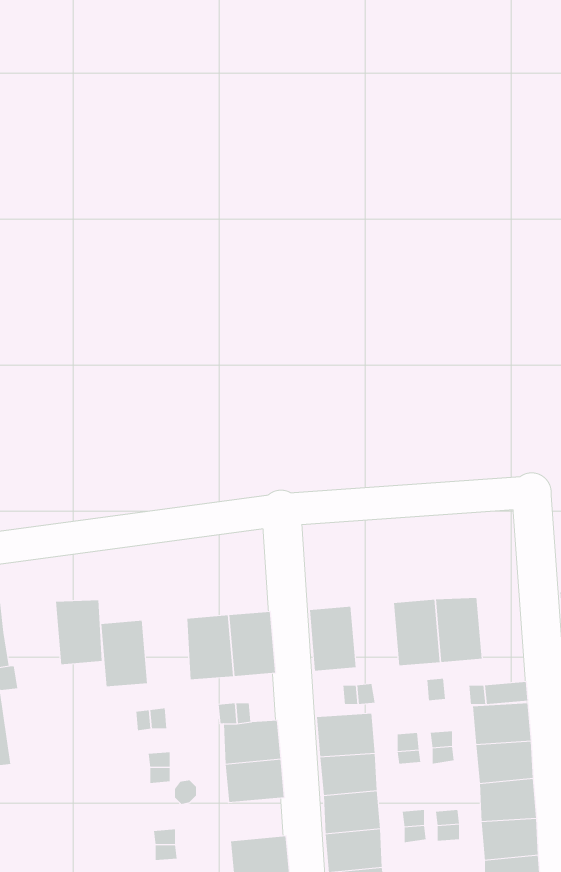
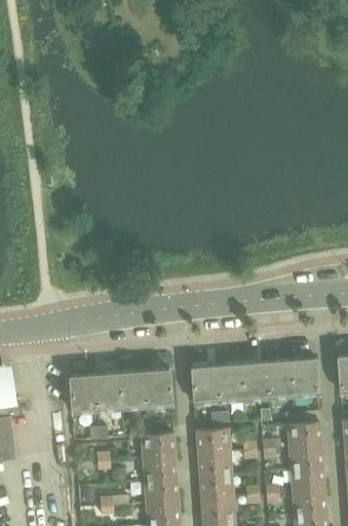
building: none -> [289,360,317,398]
building: [55,600,103,665] -> [93,374,121,412]
building: none -> [216,365,243,403]
building: none -> [144,479,178,504]

